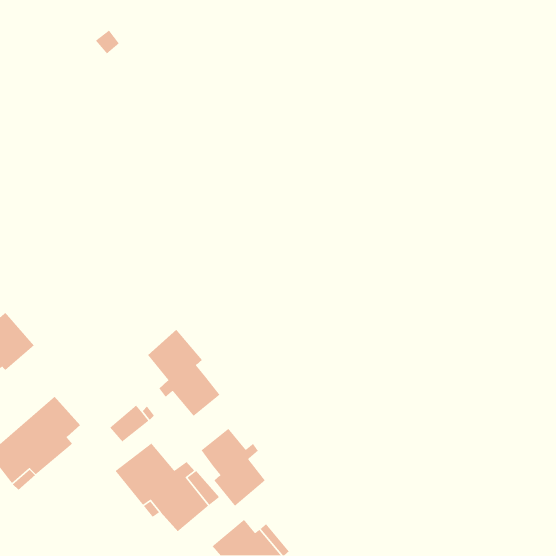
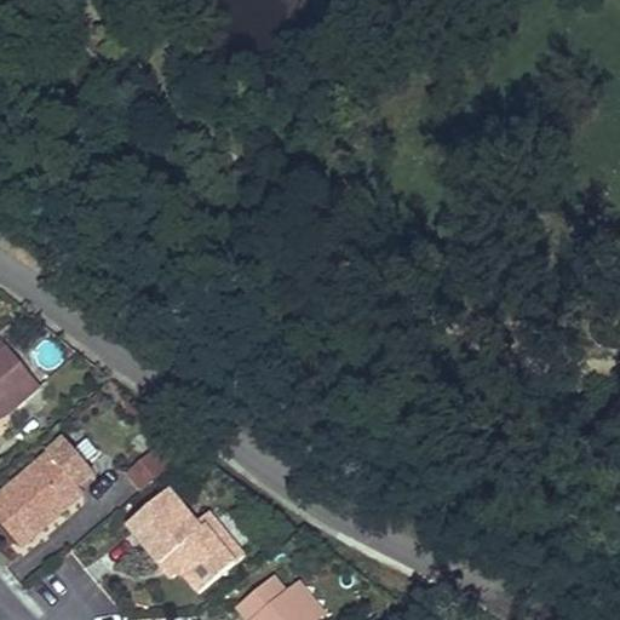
building: [147,329,220,417] -> none
building: [201,428,266,507] -> none

